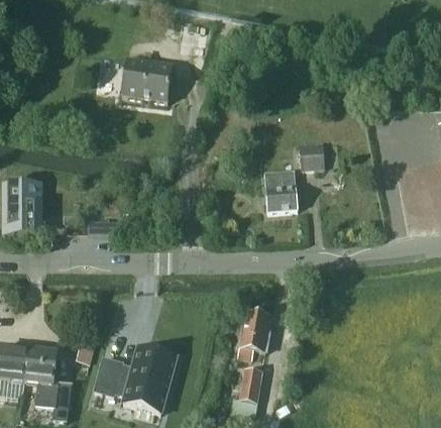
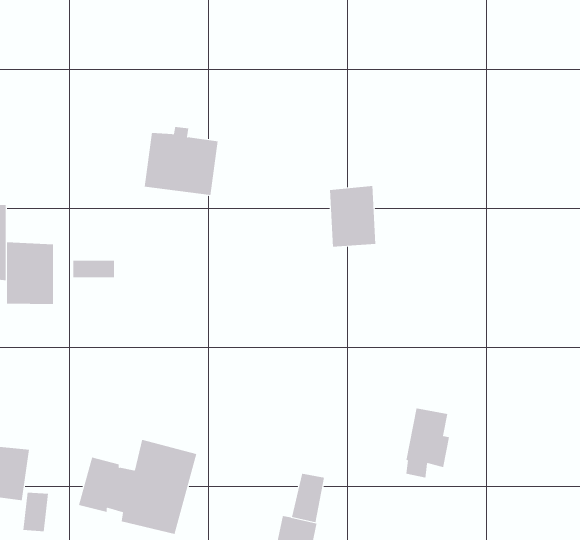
building: [121,55,173,102] -> [144,127,219,196]
building: [301,143,324,170] -> none
building: none -> [7,242,54,305]
building: [240,311,270,359] -> [406,408,450,478]

